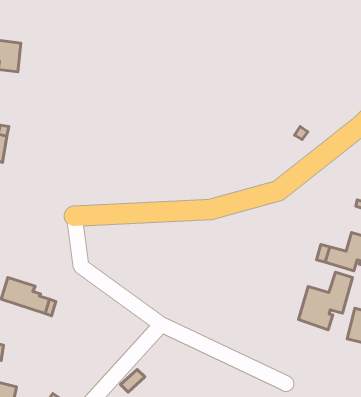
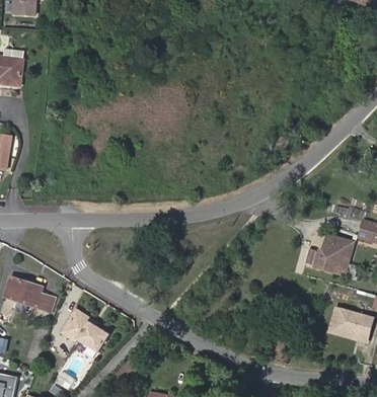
building: [299,272,352,330] -> none
building: none -> [61,308,110,352]

